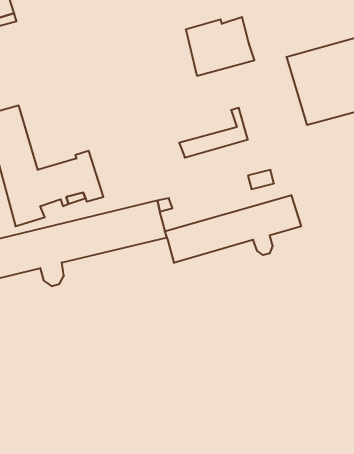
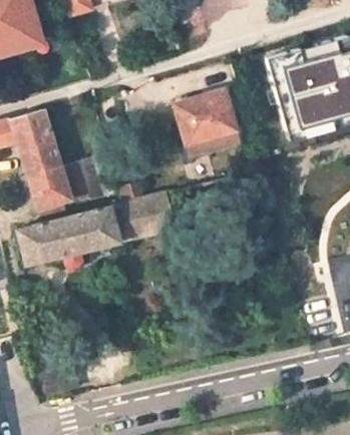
building: [186,17,255,76] -> [173,91,235,143]
building: [165,195,301,263] -> none

